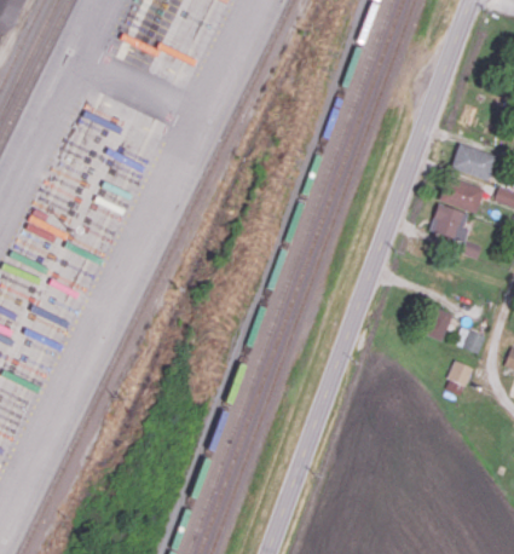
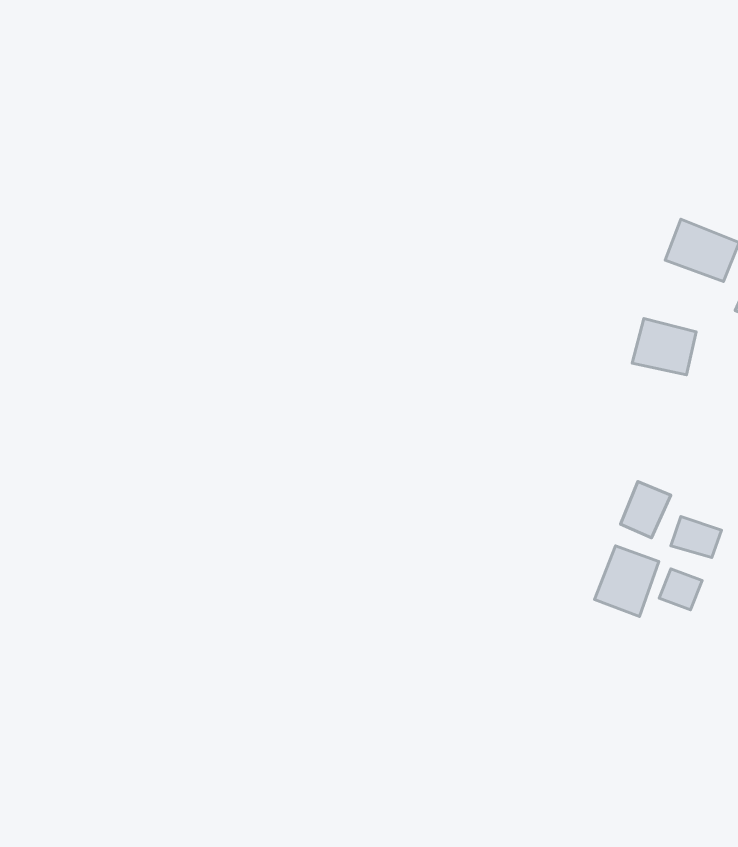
building: [439,179,485,213] -> none
building: none -> [594,546,659,616]

